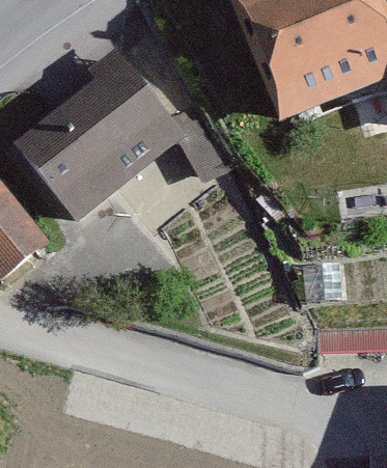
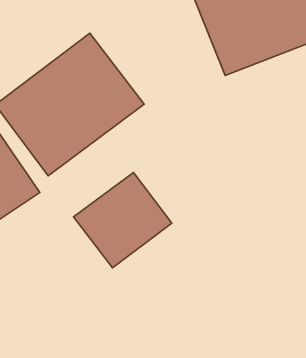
building: none -> [73,172,172,268]

